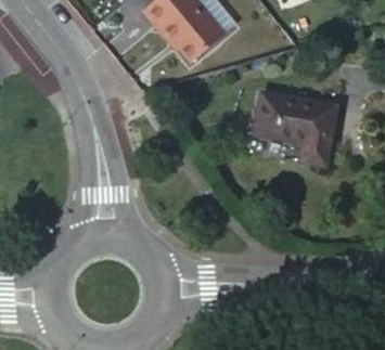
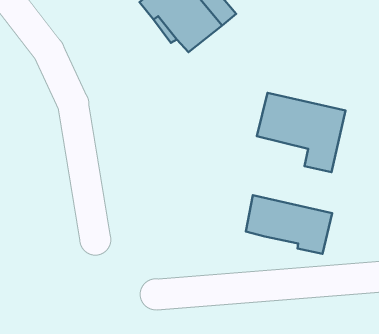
building: none -> [246,195,332,254]

